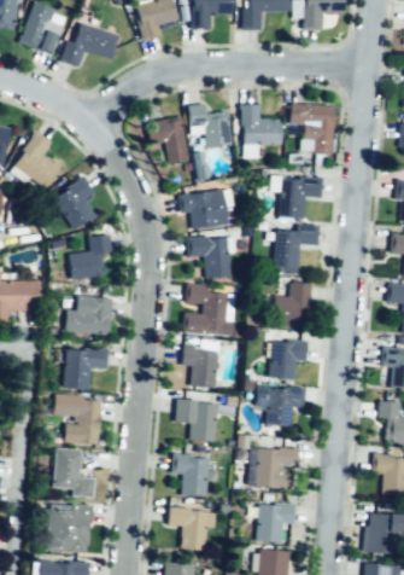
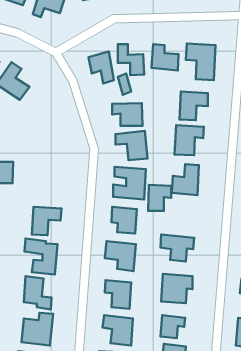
building: [52,174,96,230] -> none
building: [70,236,116,281] -> none
building: [65,296,116,335] -> none
building: [271,339,305,378] -> [148,185,171,211]

